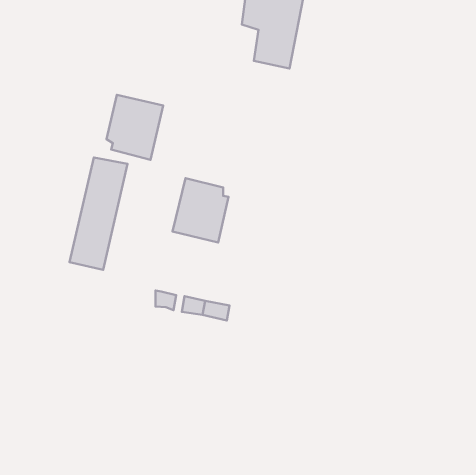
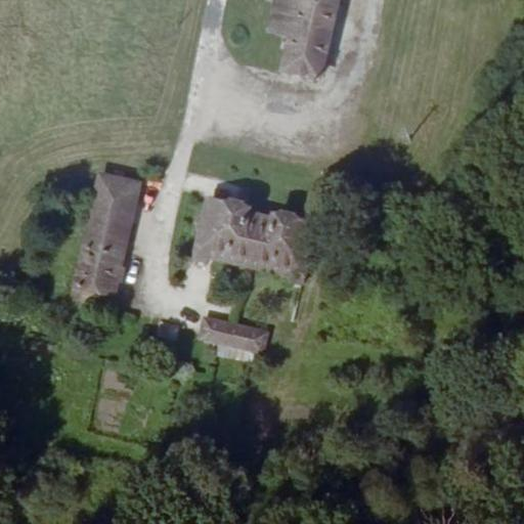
building: [107,95,163,160] -> none
building: none -> [242,208,312,278]

